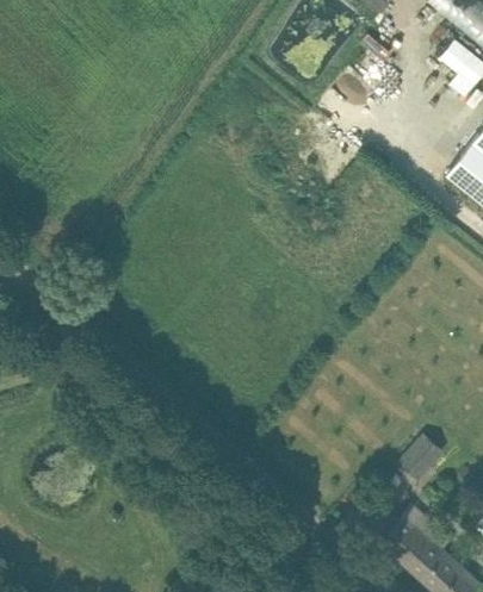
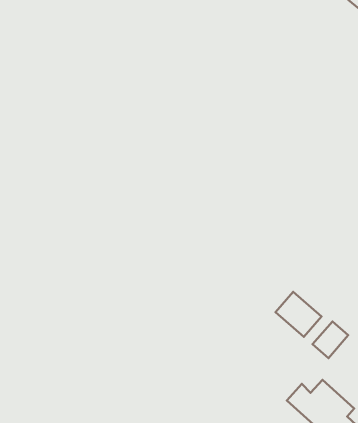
building: none -> [275,292,322,337]

